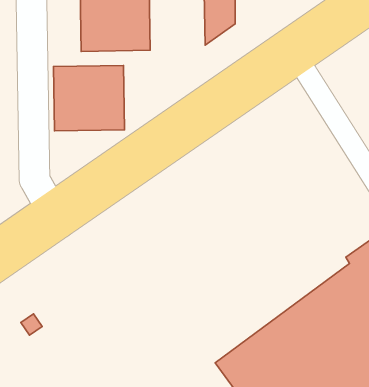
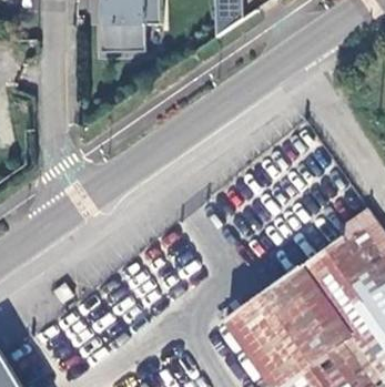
building: [54,65,124,131] -> none

